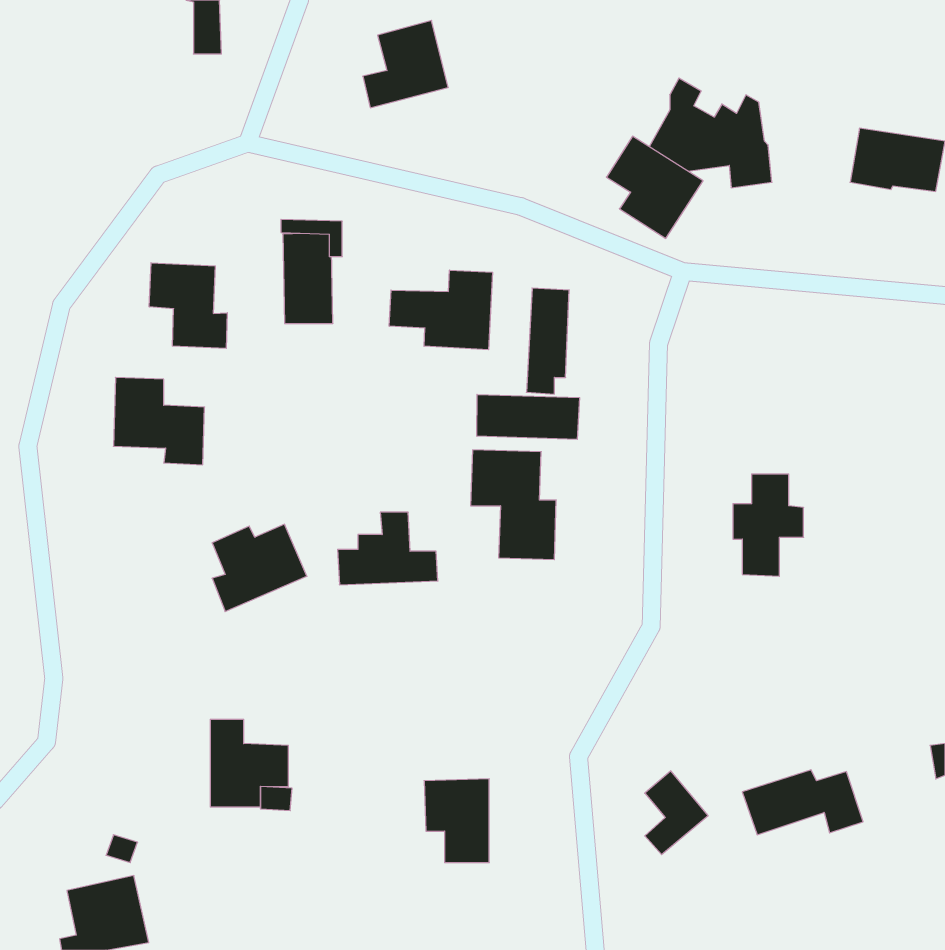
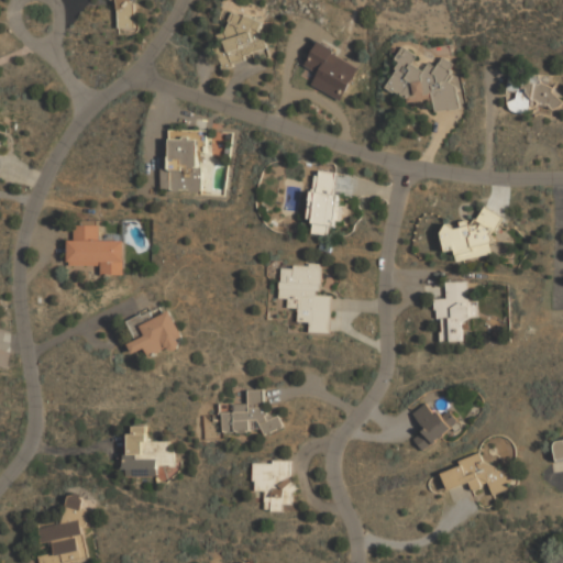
building: [606,136,703,238] -> [301,40,358,100]
building: [149,263,227,348] -> none
building: [389,270,493,350] -> none
building: none -> [440,210,496,260]
building: [477,394,580,439] -> none
building: [338,512,438,585] -> [220,389,279,432]
building: [645,771,708,855] -> [411,401,449,451]

